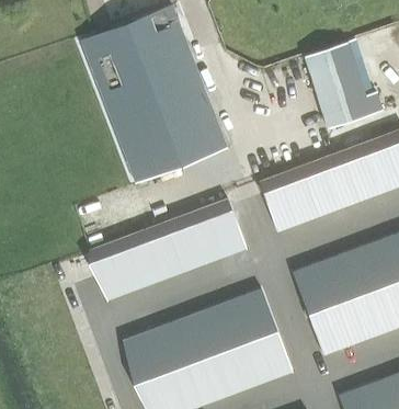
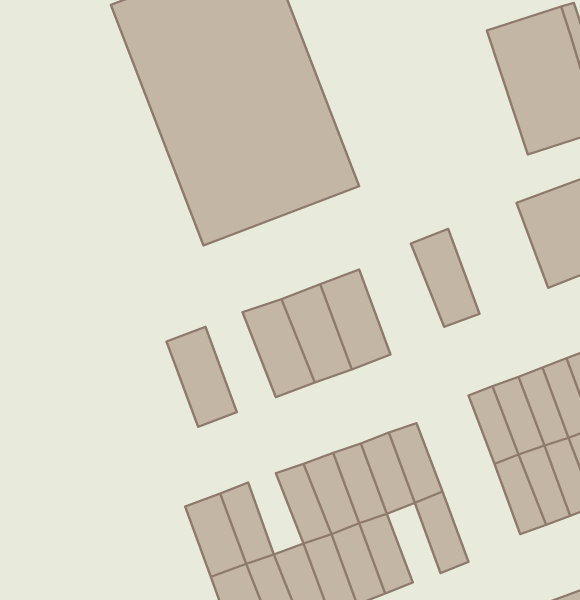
building: [280,159,339,225] -> none
building: [136,224,178,283] -> none
building: [90,241,132,299] -> none
building: [161,319,194,367] -> none
building: [243,337,275,384] -> none

